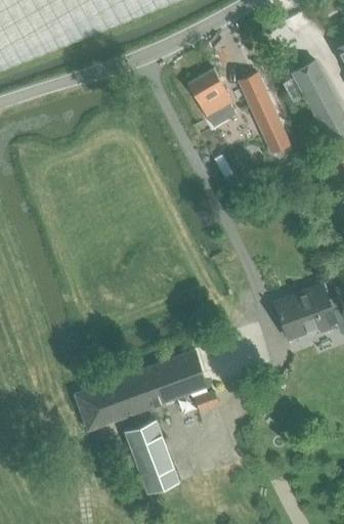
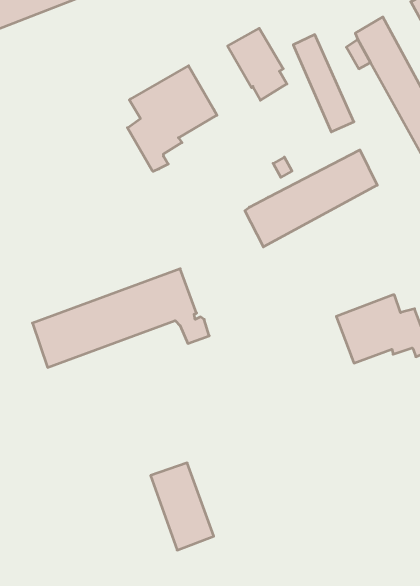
building: none -> [127,66,217,171]
building: none -> [245,150,377,247]
building: [74,350,217,430] -> [32,269,209,367]

